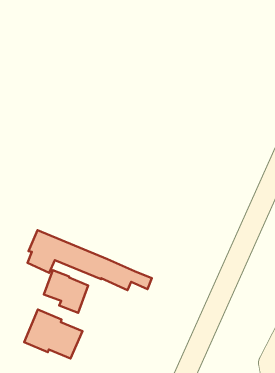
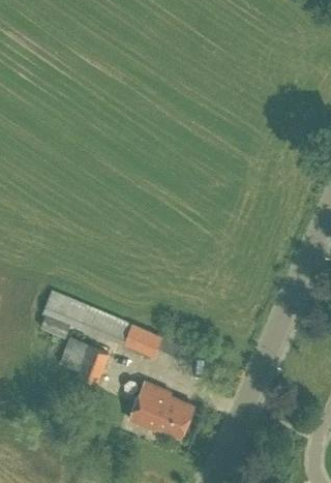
building: [24,309,82,359] -> [128,383,194,439]

